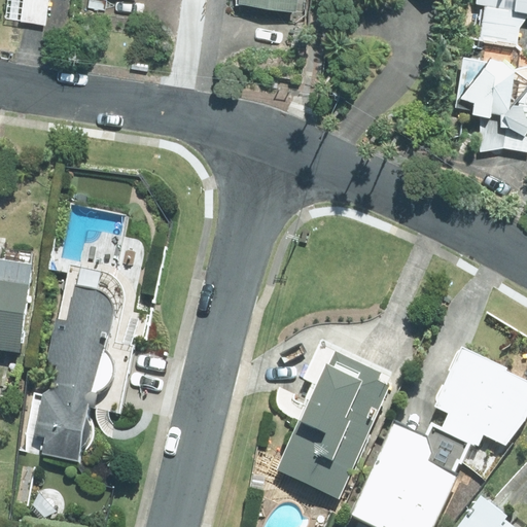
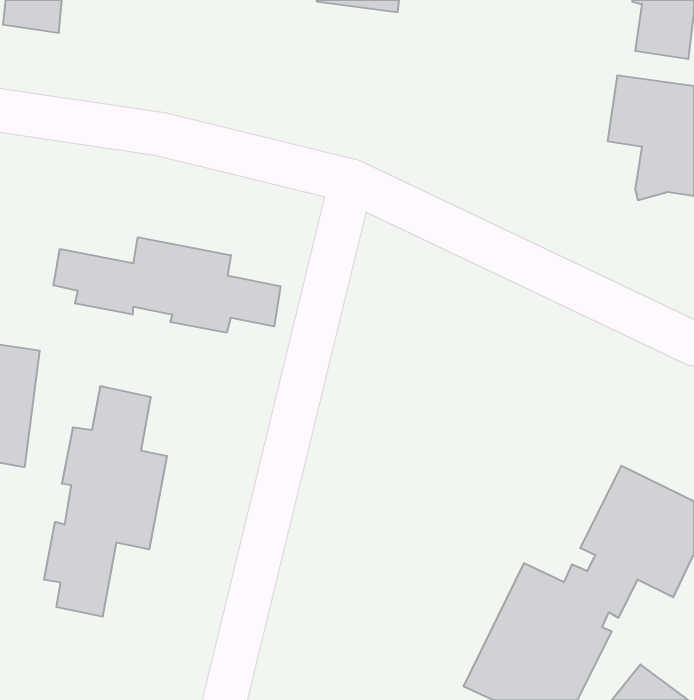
building: none -> [54,237,281,333]
building: [275,341,395,500] -> none

